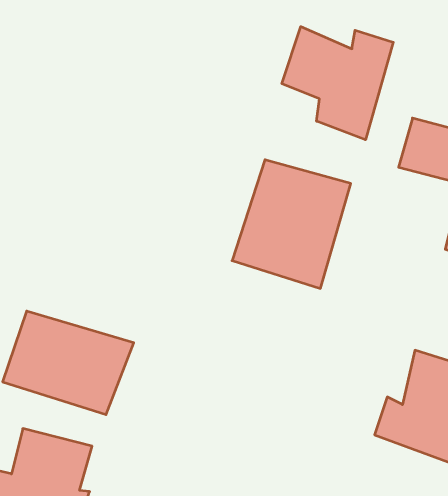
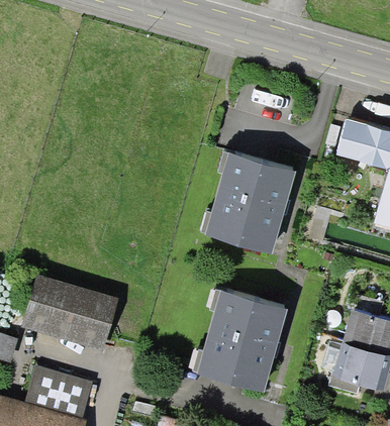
building: [282,27,393,140] -> none
building: none -> [202,294,290,392]

